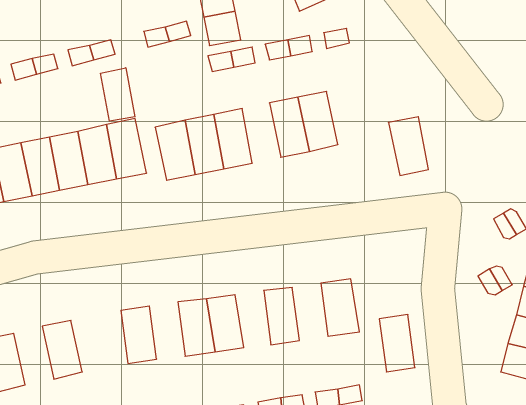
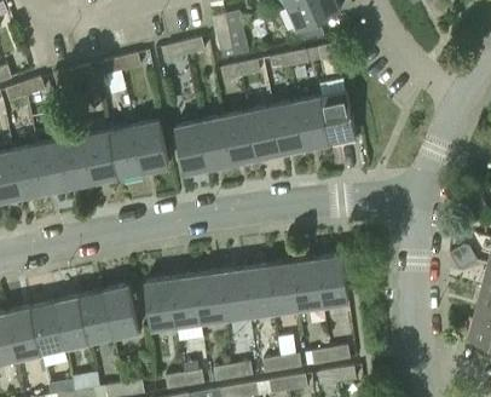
building: [101,68,135,121] -> none
building: none -> [248,108,281,159]
building: [388,117,428,175] -> [319,93,353,143]
building: none -> [242,266,272,315]
building: none -> [169,276,200,324]
building: none -> [103,286,138,335]
building: [379,315,415,372] -> [290,260,320,309]
building: none -> [54,297,88,346]

